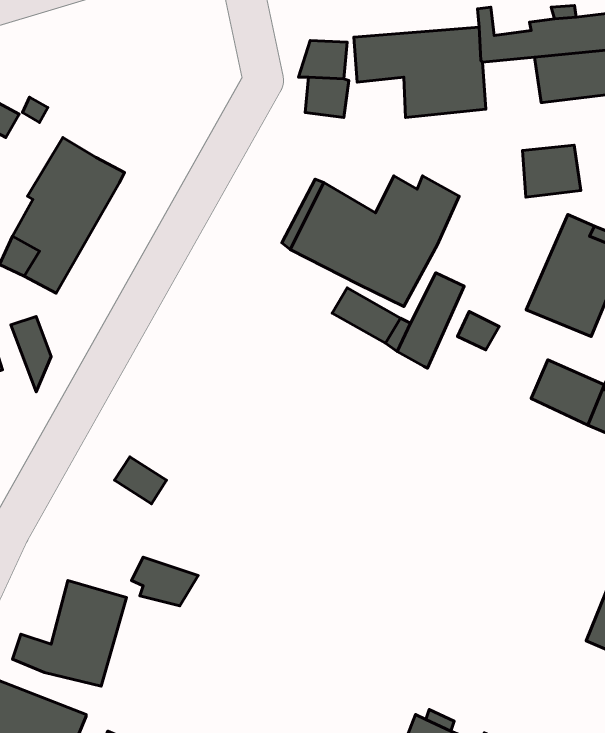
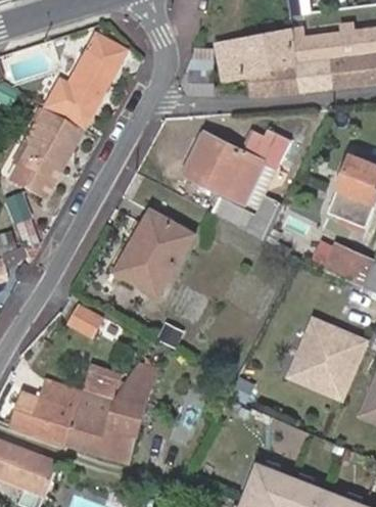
building: none -> [42,41,121,129]
building: [522,145,581,197] -> [298,58,334,90]
building: none -> [118,208,195,293]
building: none -> [287,320,367,401]
building: none -> [65,357,153,460]

